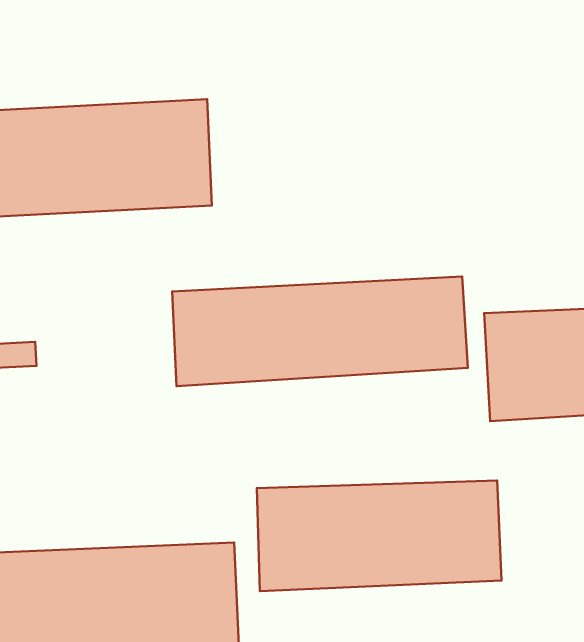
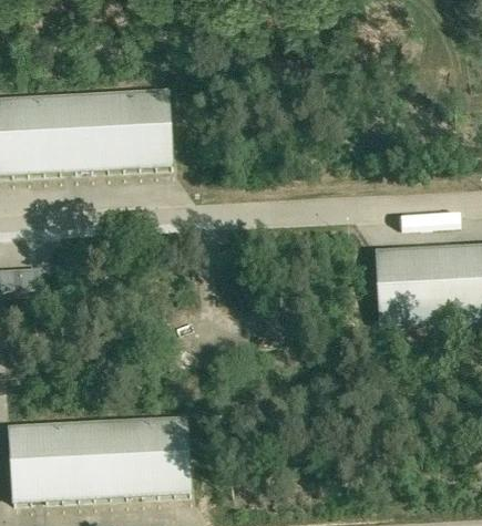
building: [172,276,468,386] -> none
building: [257,481,502,591] -> none

